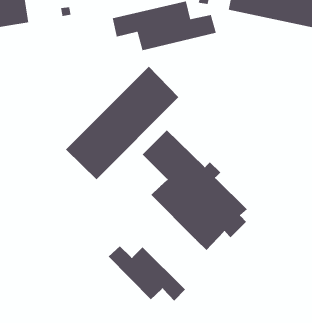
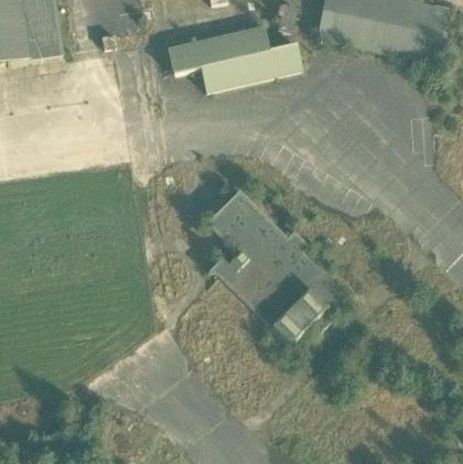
building: [65,66,179,180] -> none
building: [108,246,186,301] -> none

